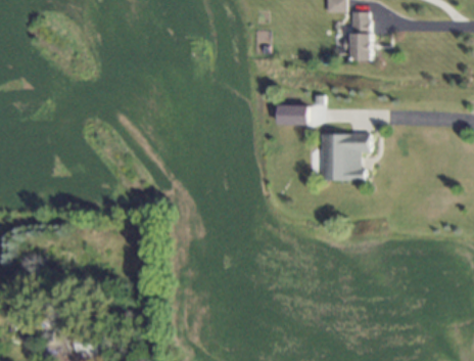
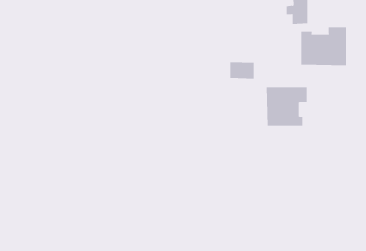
building: none -> [301,27,346,66]

